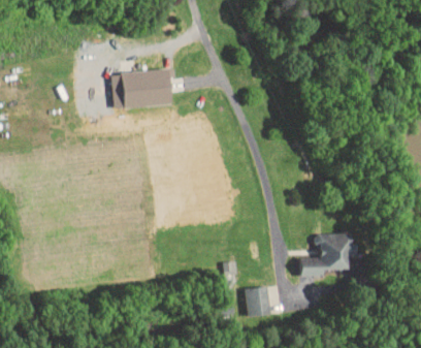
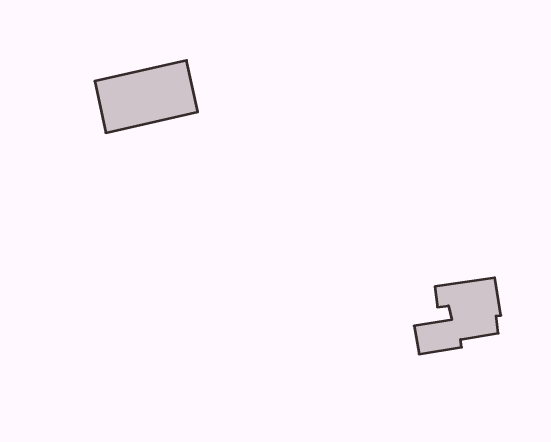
building: [245,288,269,316] -> none

